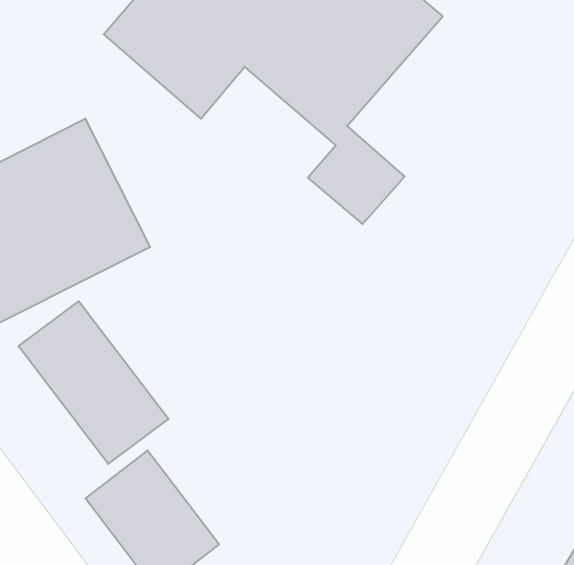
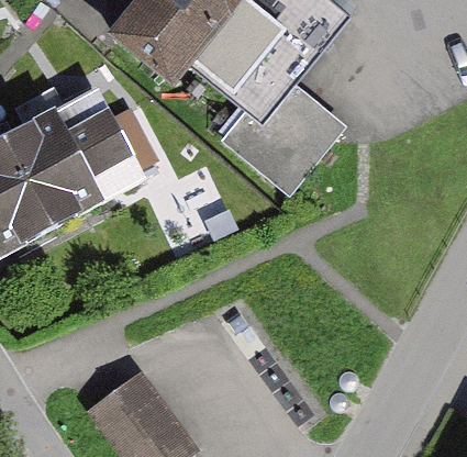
building: [18,301,169,464] -> none

